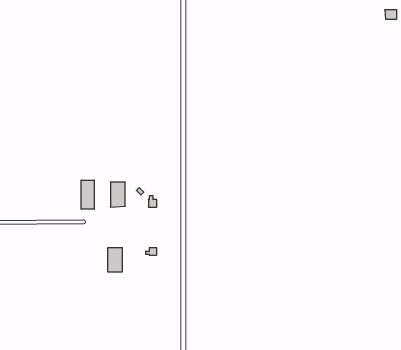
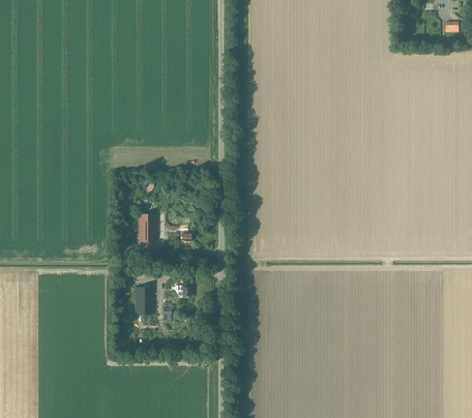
building: [81,180,94,209] -> none

